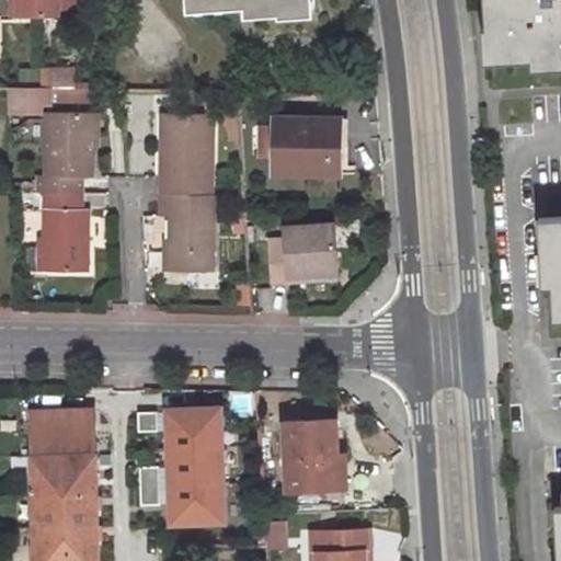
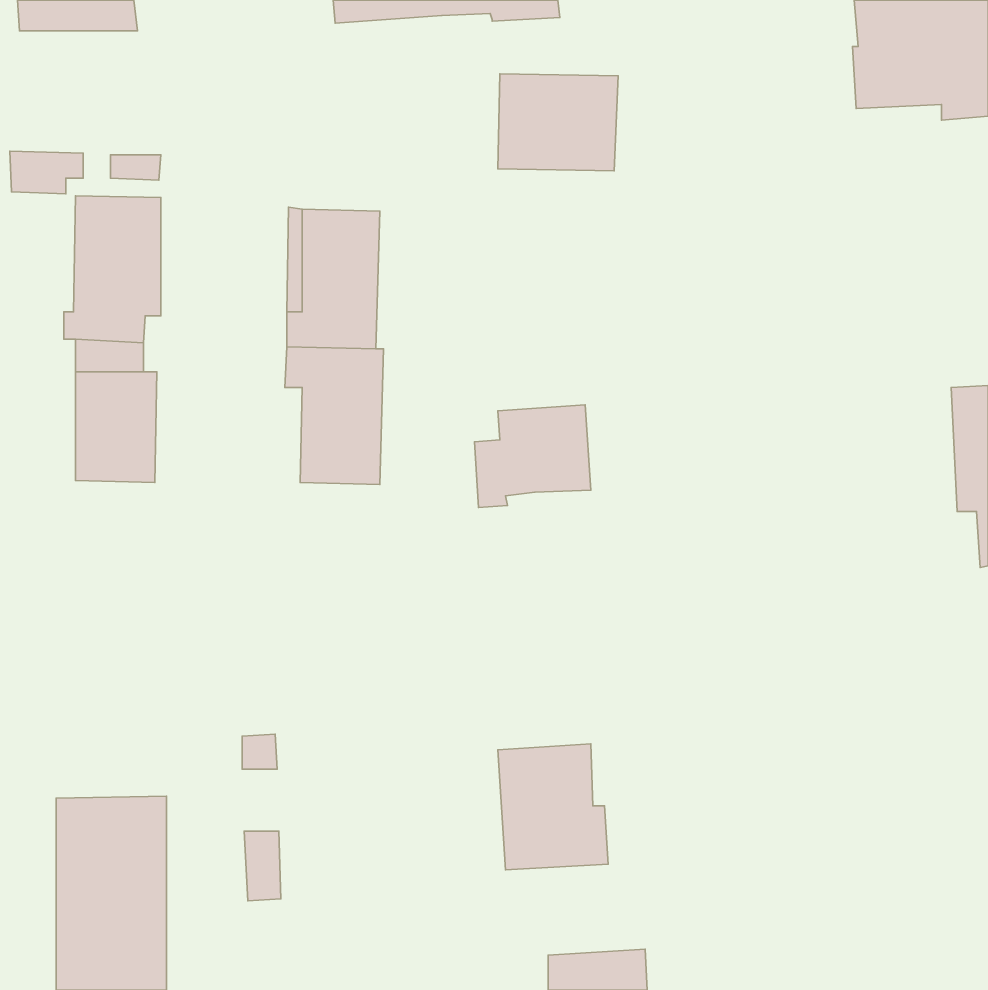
building: [274,121,342,175] -> [498,74,618,171]
building: [32,409,94,451] -> none
building: [165,412,222,527] -> none

